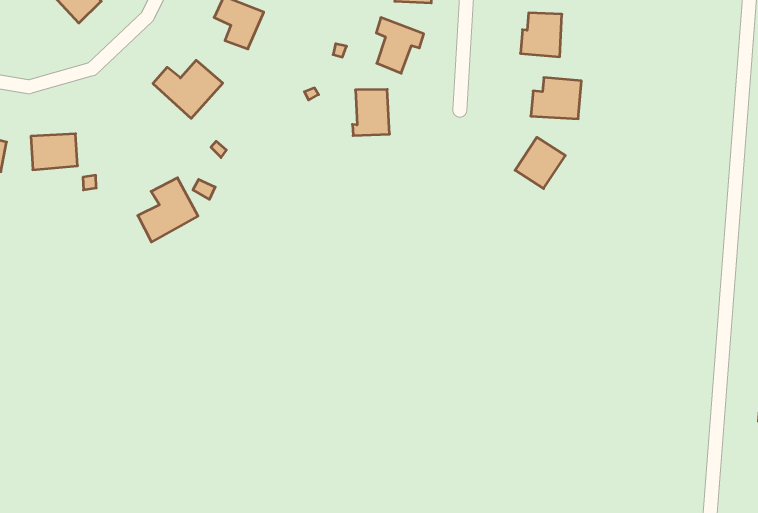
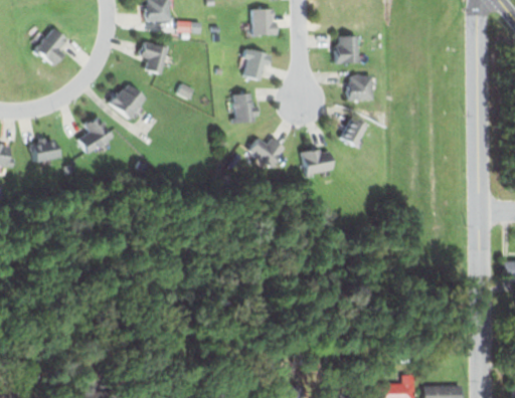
building: none -> [246,134,289,168]
building: [138,178,198,242] -> [76,113,115,155]
building: none -> [302,146,334,176]

